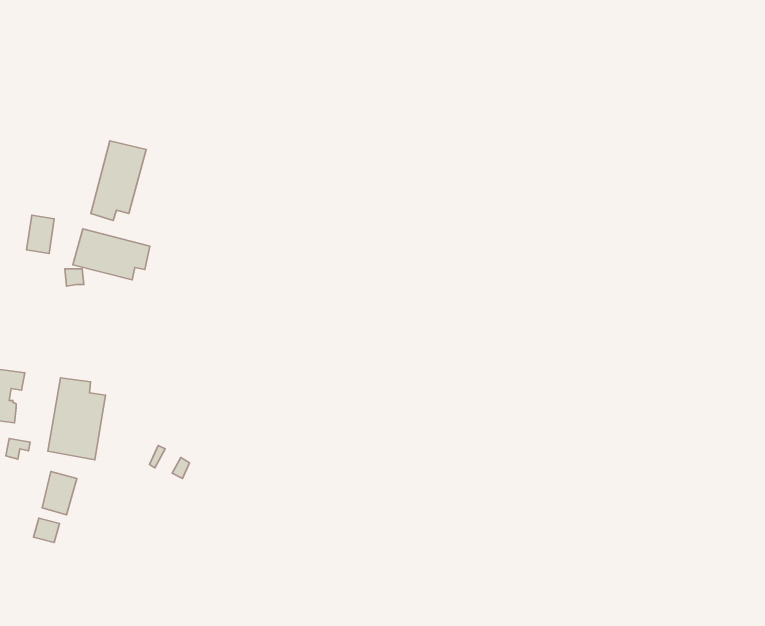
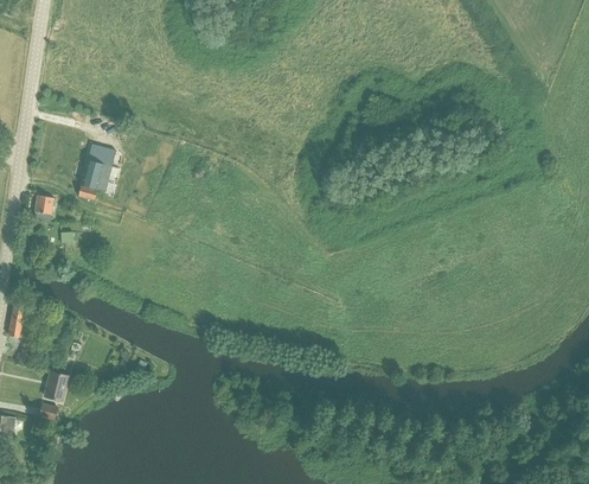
building: [73,229,150,280] -> none
building: [48,378,105,460] -> none

